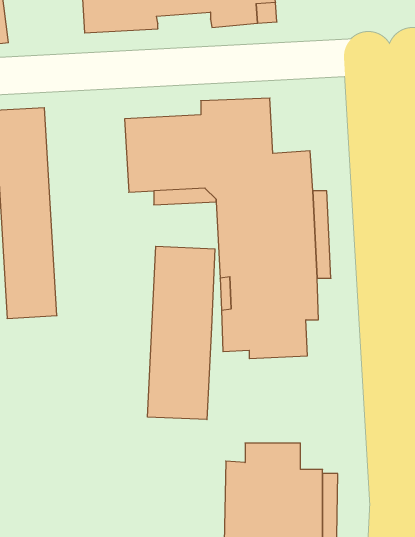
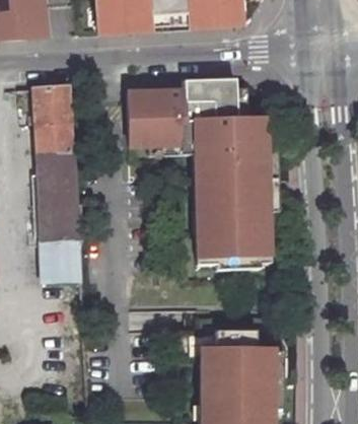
building: [148,246,215,420] -> none
building: none -> [42,236,81,280]

